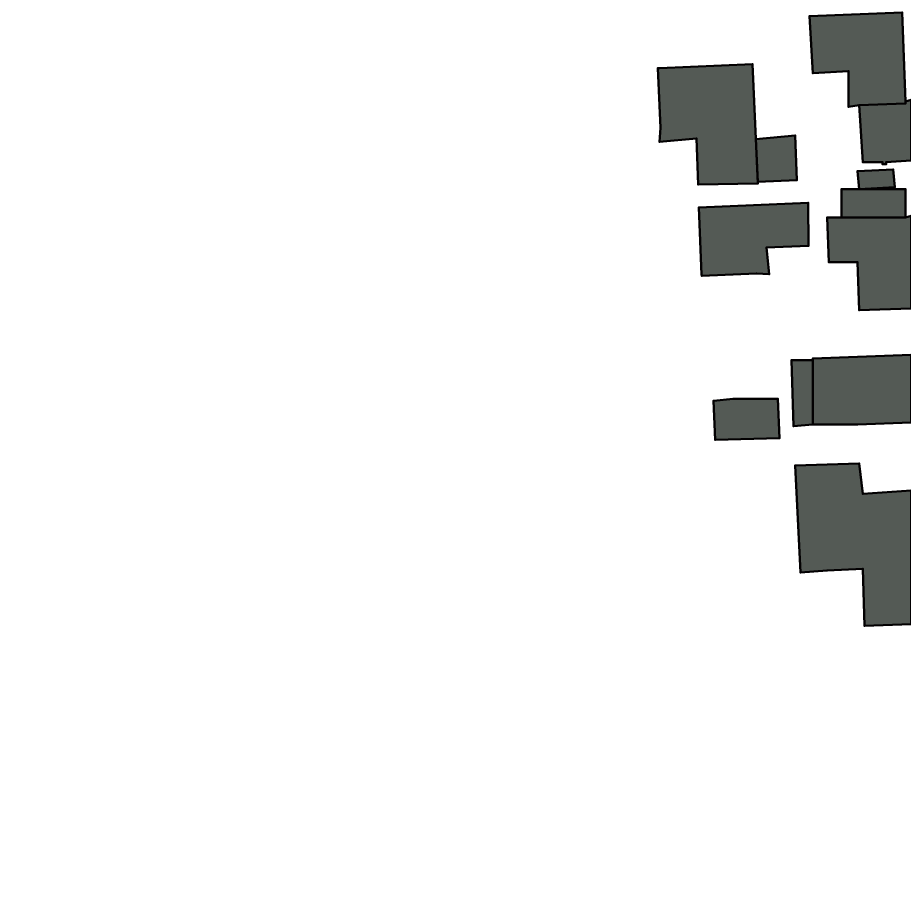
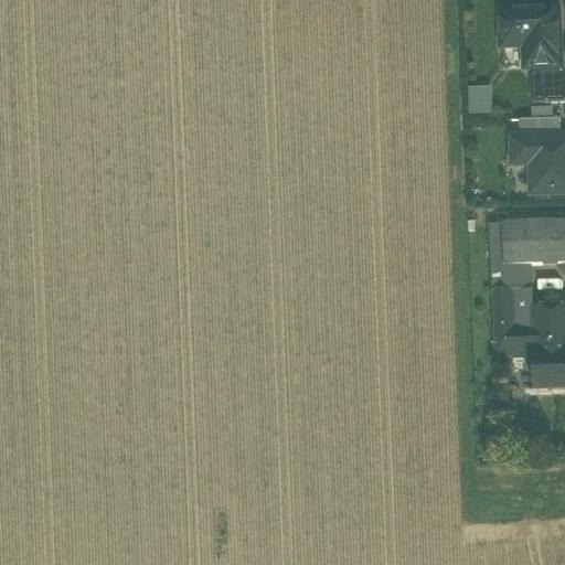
building: [658,64,758,184] -> none
building: [699,203,809,276] -> none
building: [714,399,779,440] -> [491,263,532,288]

